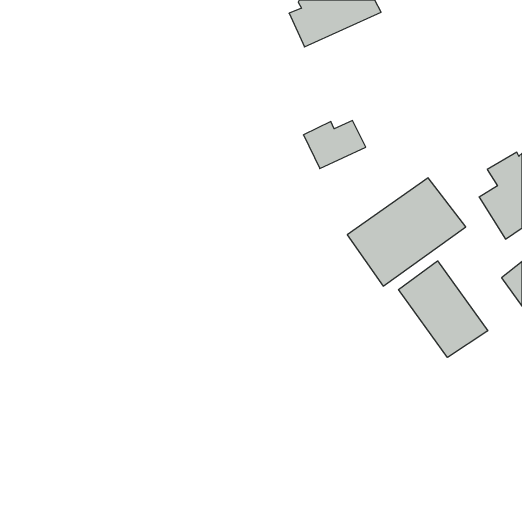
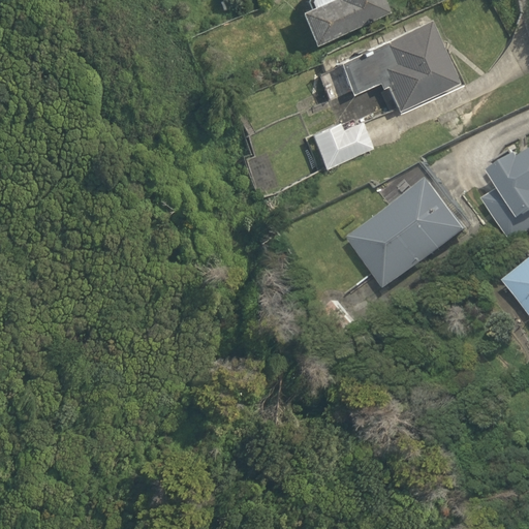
building: none -> [332,21,456,113]
building: [399,261,488,357] -> none

